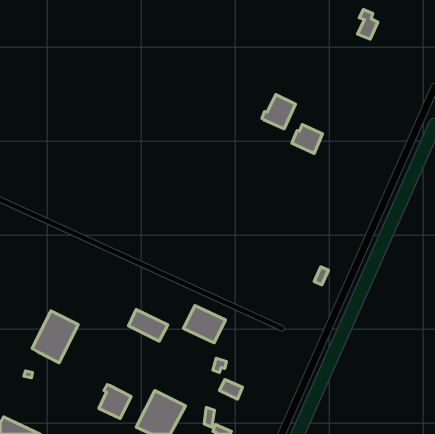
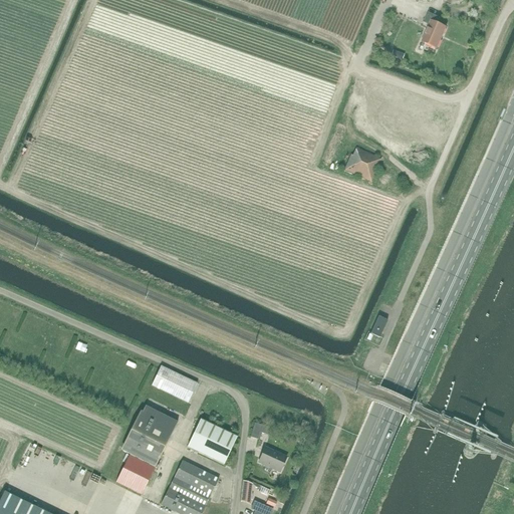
building: [262,95,296,129] -> none
building: [184,305,225,343] -> [188,419,237,463]
building: [32,311,78,363] -> [122,406,177,467]

